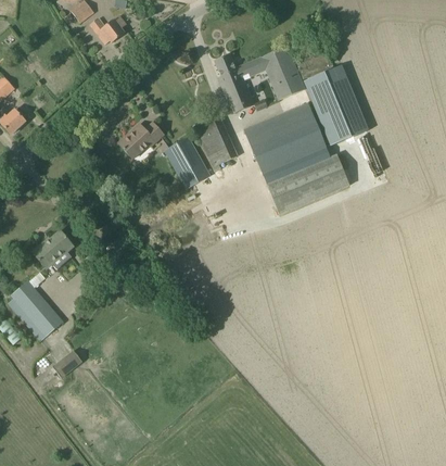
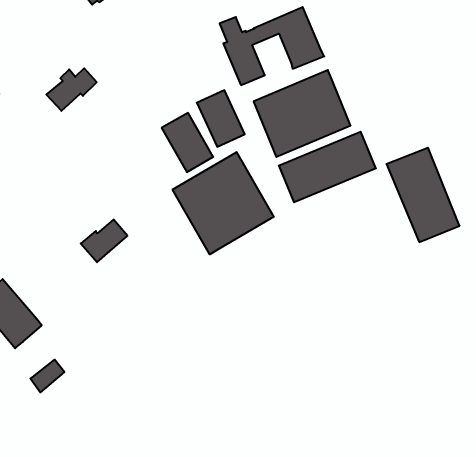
building: [304,67,367,149] -> [386,148,460,242]
building: [119,122,163,159] -> [46,68,97,111]
building: none -> [173,152,274,254]
building: [31,230,72,267] -> [81,220,127,262]

